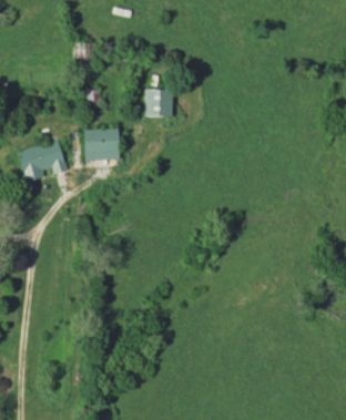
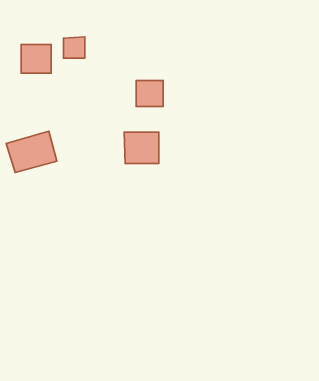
building: none -> [21,44,51,73]
building: [84,129,119,160] -> [124,132,159,164]

